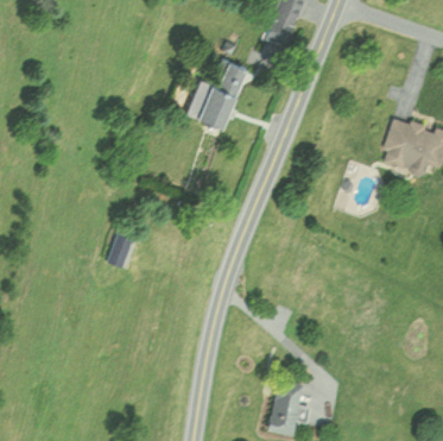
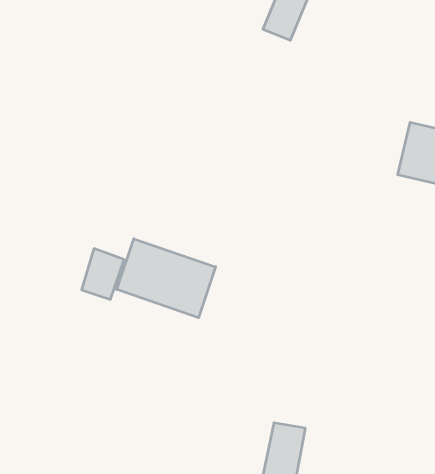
building: [196,57,249,132] -> none
building: none -> [117,239,216,318]

